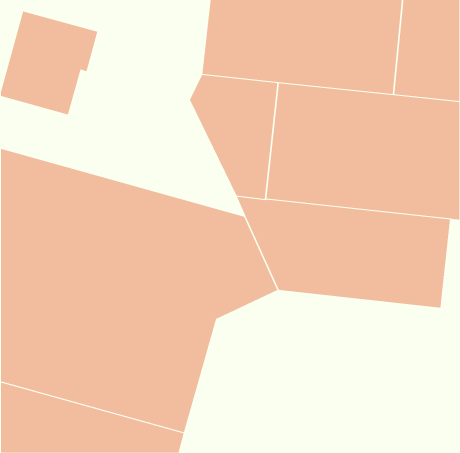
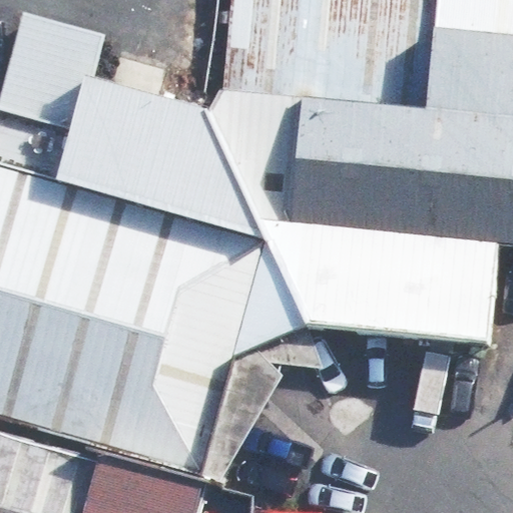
building: none -> [61,78,273,241]

